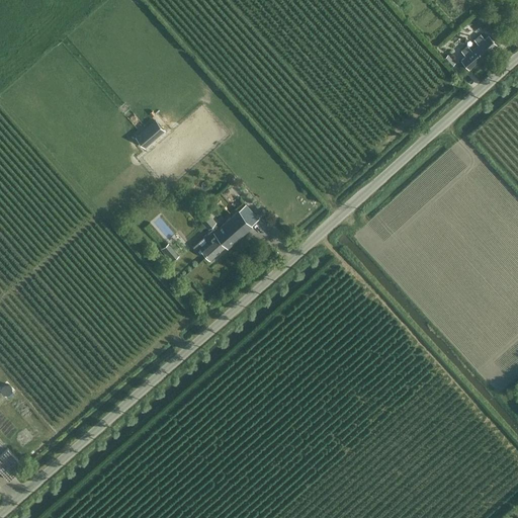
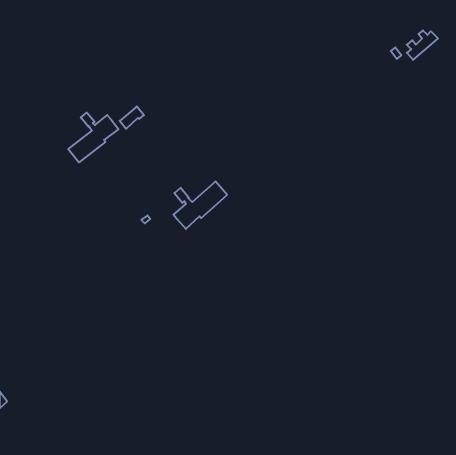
building: none -> [68,113,118,162]

